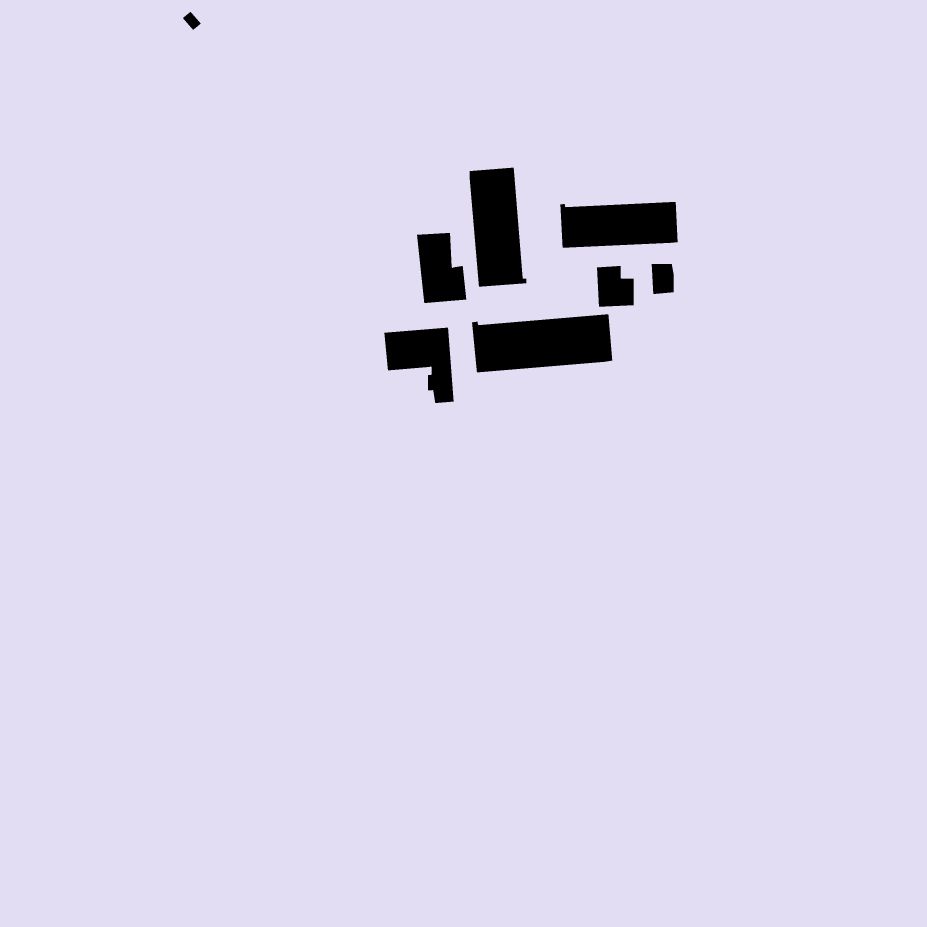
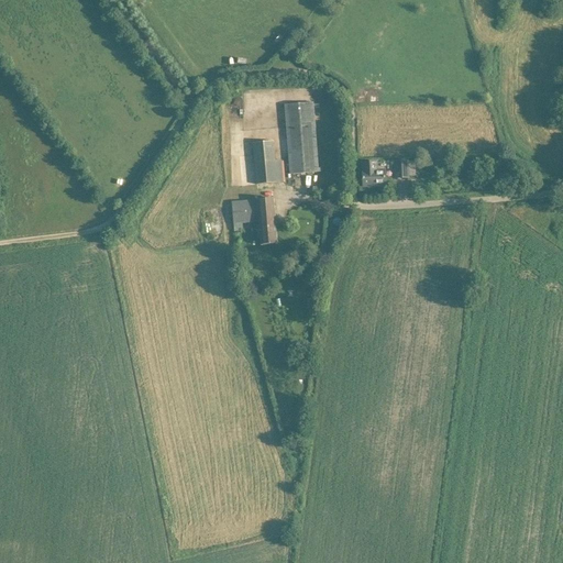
building: [560,201,678,248] -> none
building: [472,313,613,373] -> none

